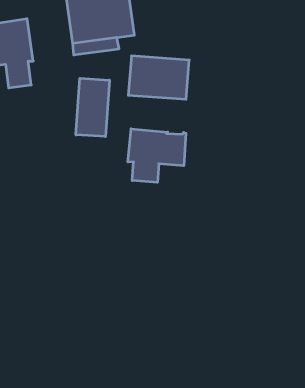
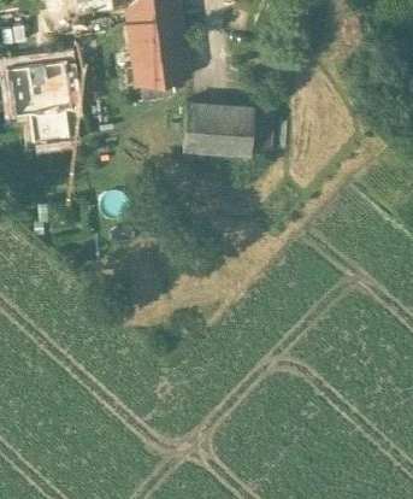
building: [76,78,109,137] -> none
building: [128,129,186,182] -> none

